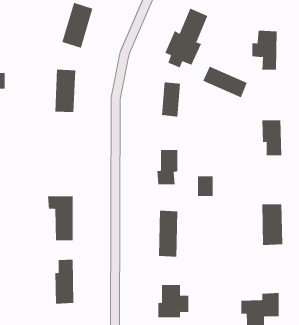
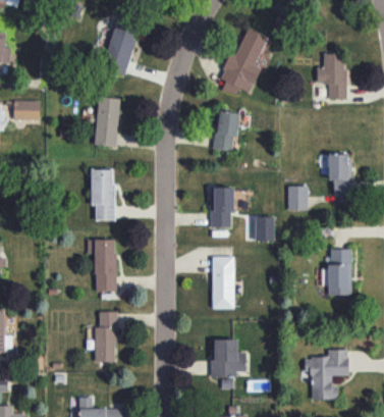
building: [202,66,247,98] -> none
building: none -> [91,168,115,220]
building: none -> [287,186,308,210]

